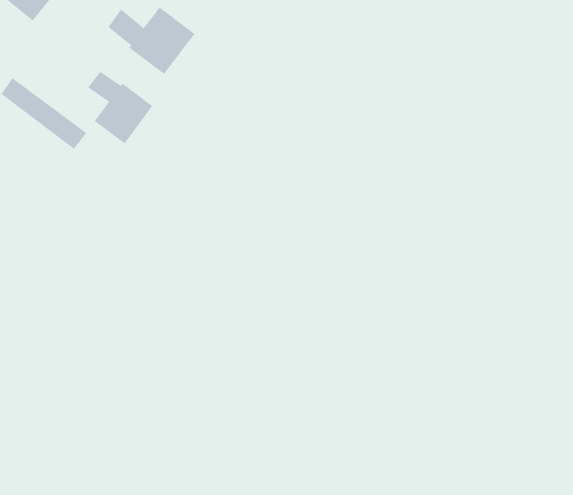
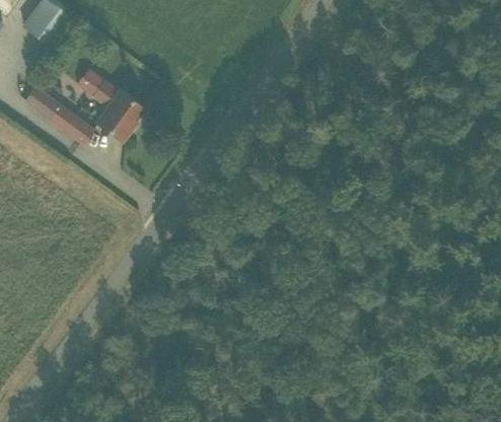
building: [107,6,196,75] -> none

